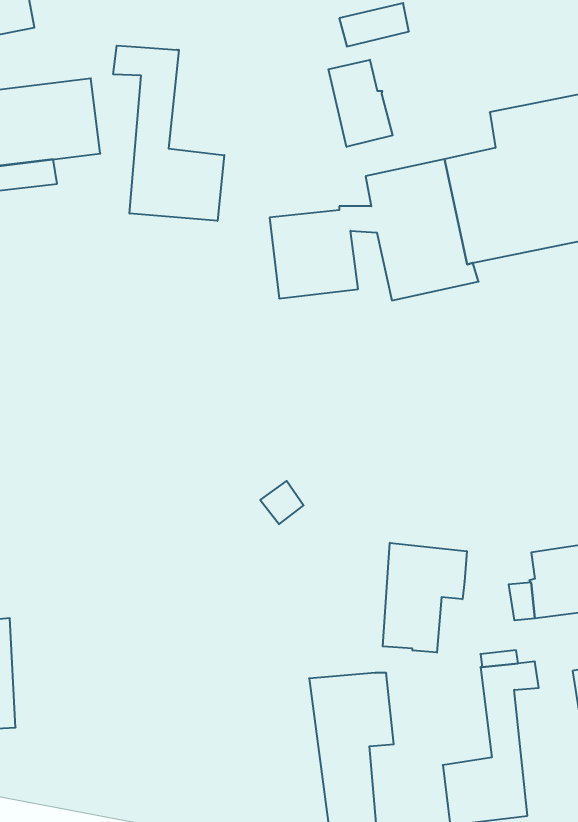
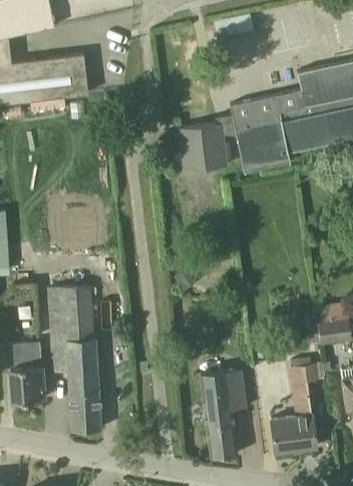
building: [113,46,224,221] -> none
building: [328,60,393,147] -> none
building: none -> [48,287,100,432]
building: [383,543,467,653] -> none

